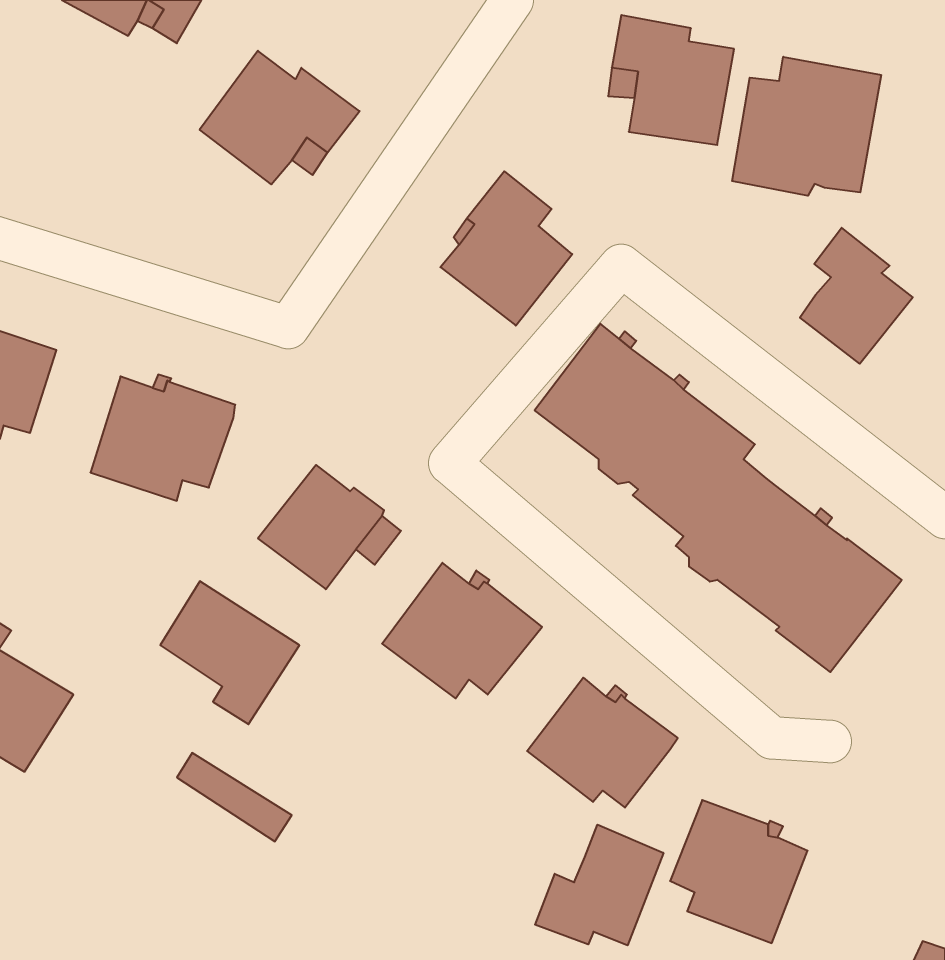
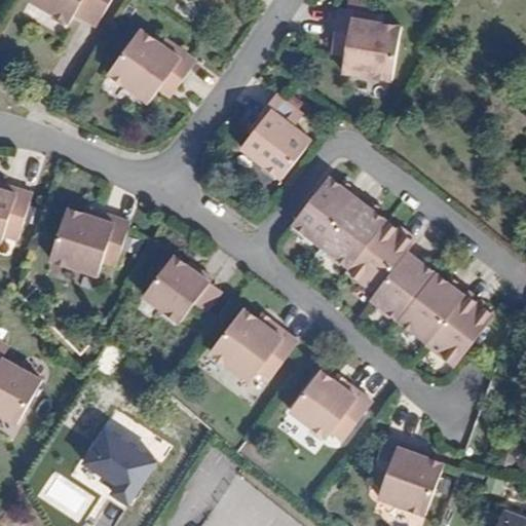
building: [732,57,881,196] -> none
building: [800,228,913,364] -> none
building: [160,581,299,724] -> [73,430,149,509]
building: [535,825,663,945] -> none

